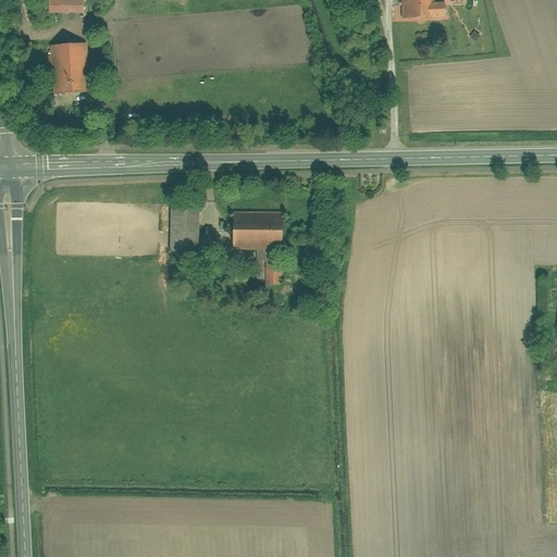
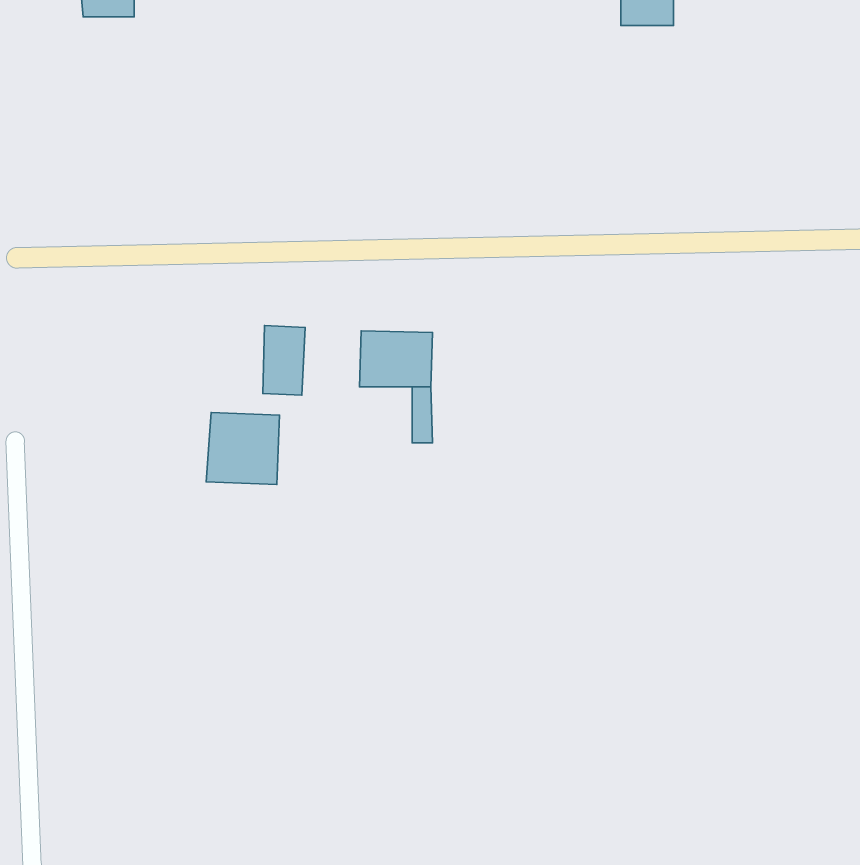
building: [52,41,90,91] -> none
building: none -> [206,413,280,485]

